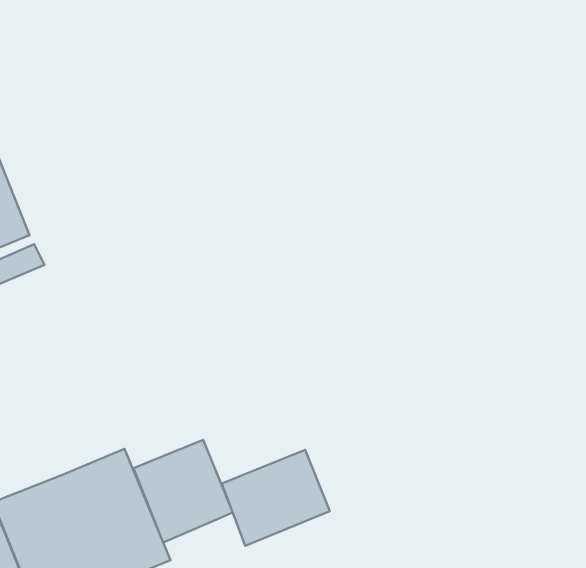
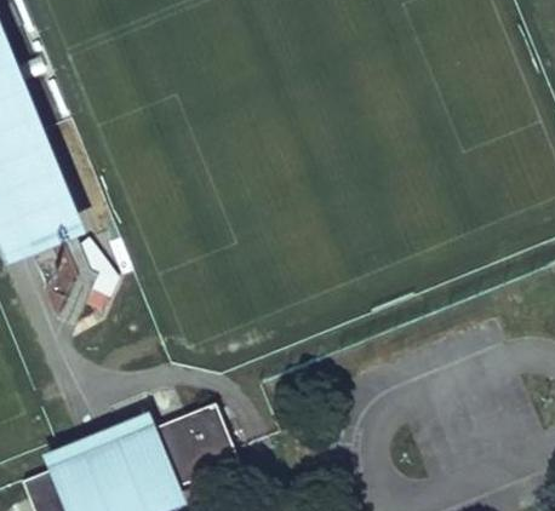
building: [222,450,330,546] -> none

